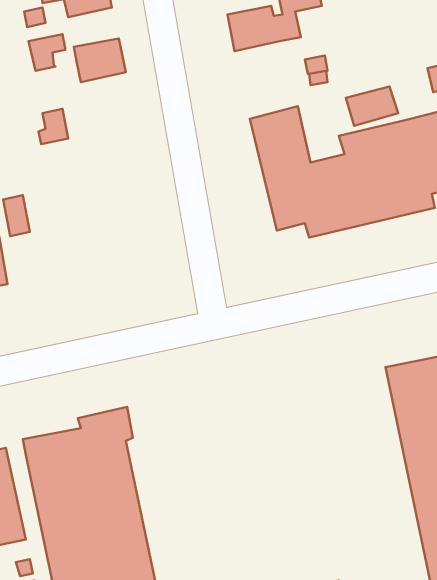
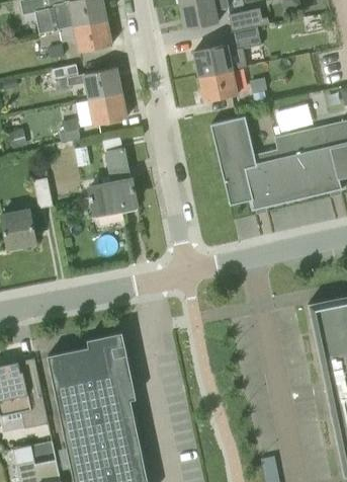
building: none -> [199,69,237,101]
building: none -> [89,91,126,124]
building: none -> [90,149,138,218]

